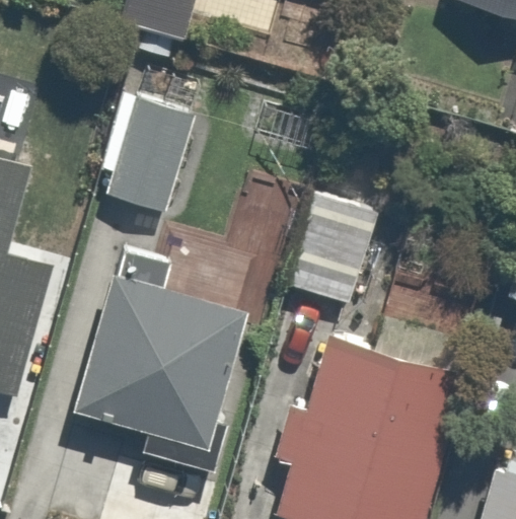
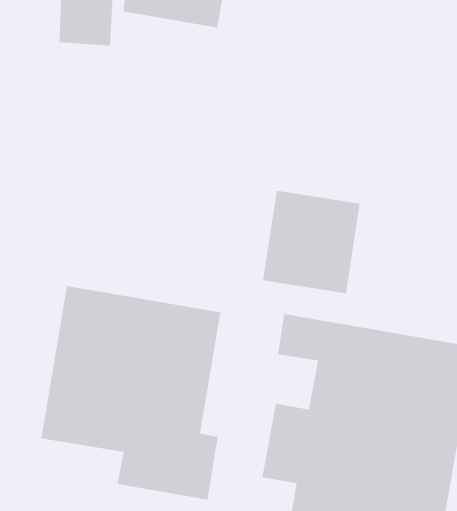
building: [106,96,197,214] -> none

